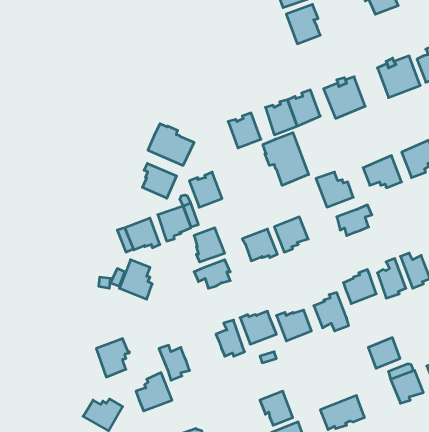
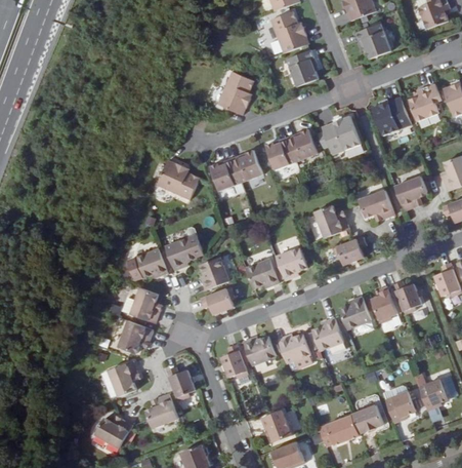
building: none -> [216,69,253,114]
building: [263,133,309,185] -> none
building: [142,163,177,198] -> none
building: [189,172,222,207] -> [210,158,241,191]
building: none -> [119,320,154,353]
building: [368,338,400,368] -> [351,405,381,434]

